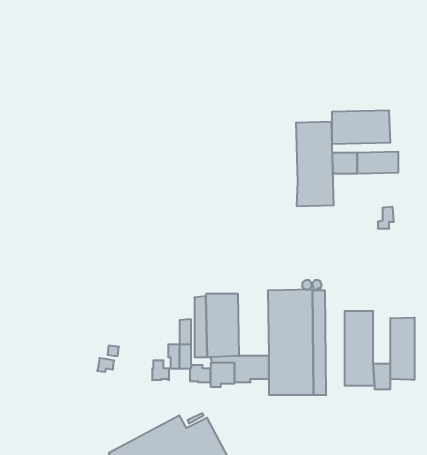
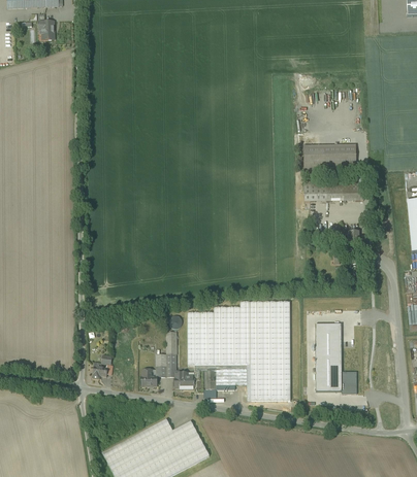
building: [296,122,333,206] -> none
building: none -> [219,305,247,364]
building: [390,317,415,380] -> none

